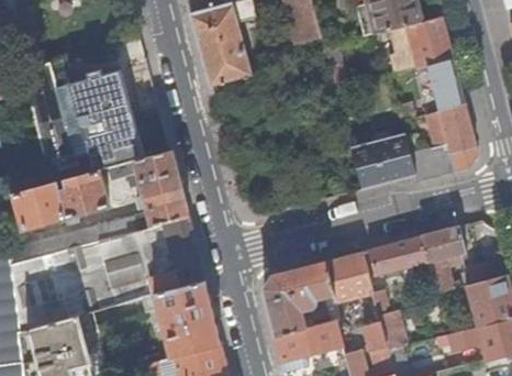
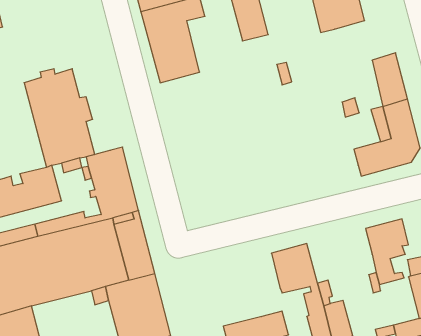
building: [389,18,452,73] -> none
building: [350,131,413,190] -> none
building: [369,236,427,276] -> none
building: [263,262,333,336] -> none

